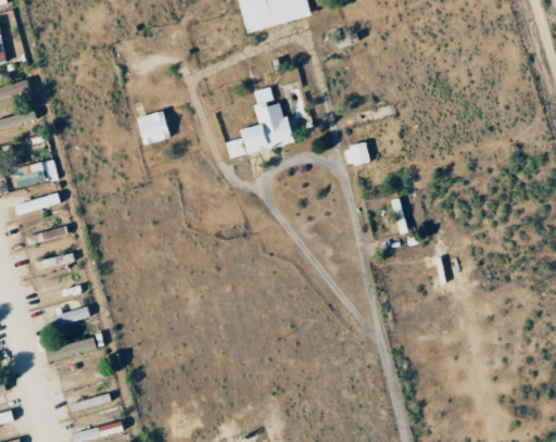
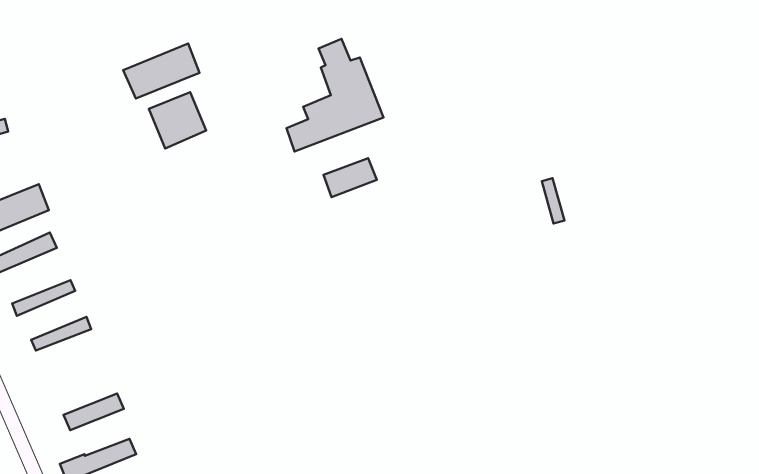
building: none -> [123,43,199,99]
building: [344,142,370,166] -> none
building: none -> [324,158,377,197]

